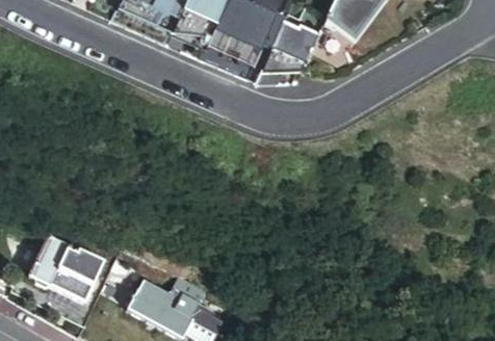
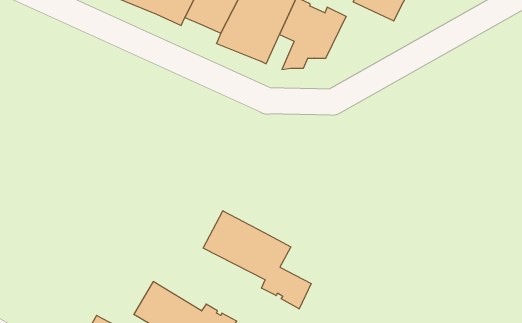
building: none -> [203,211,311,309]
building: [30,228,95,295] -> none

